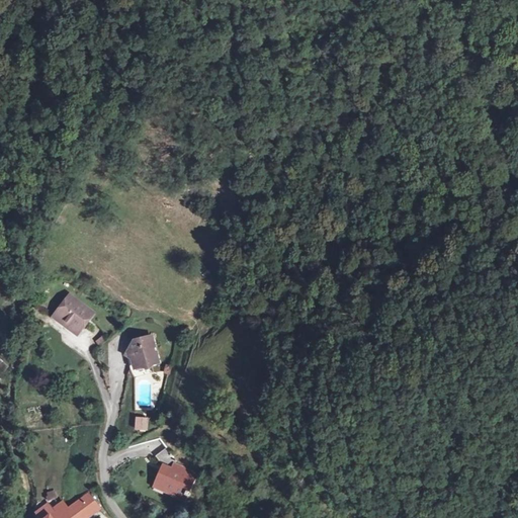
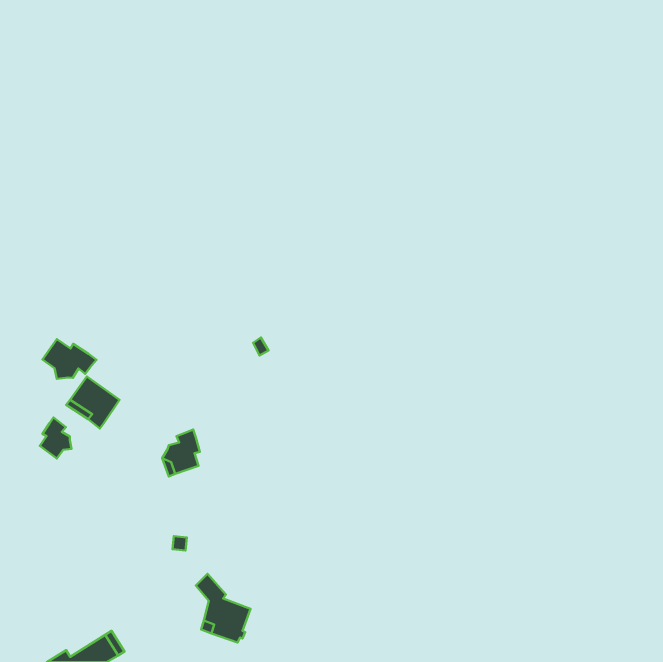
building: none -> [42,339,97,379]
building: none -> [40,417,72,458]

